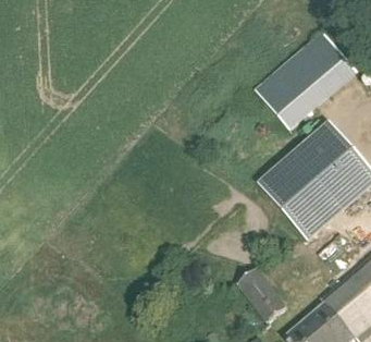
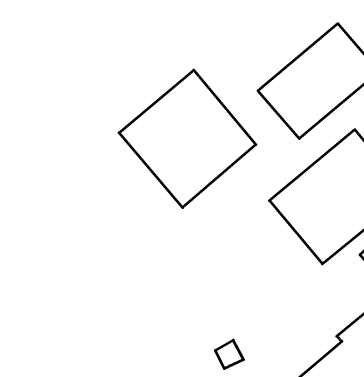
building: none -> [119,70,256,208]
building: [236,267,285,320] -> none

